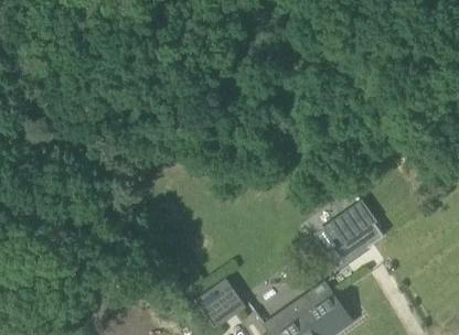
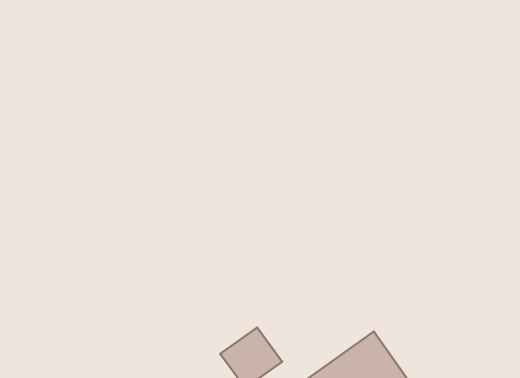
building: [322,212,382,262] -> none

